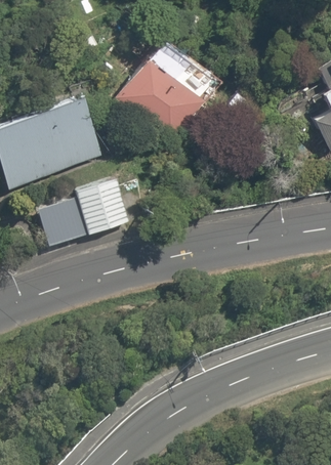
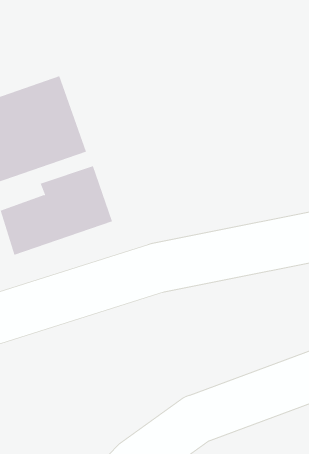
building: [115,40,218,141] -> none

